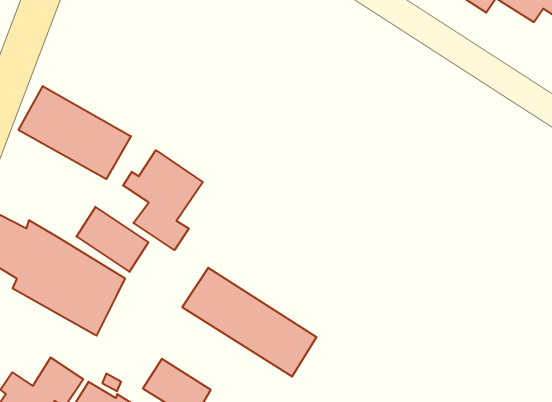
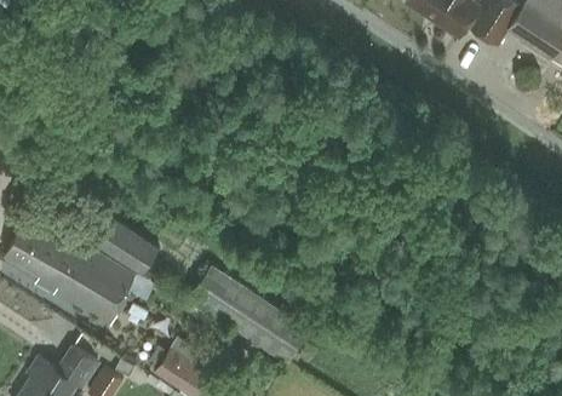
building: [19,86,131,179] -> none
building: [123,150,203,250] -> none

